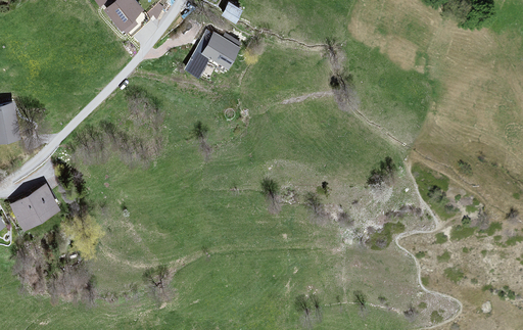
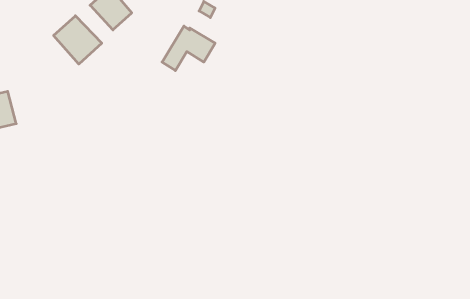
building: none -> [54,16,102,64]
building: [12,186,60,230] -> none

